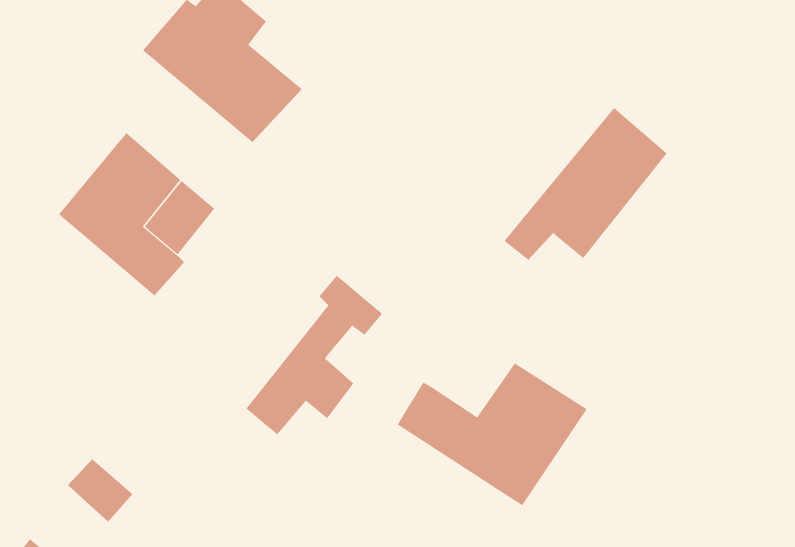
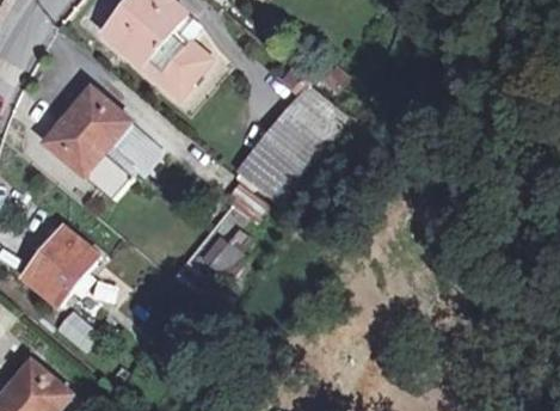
building: [503,107,667,261] -> [230,86,340,189]
building: none -> [23,229,97,306]
building: [397,362,588,506] -> none

